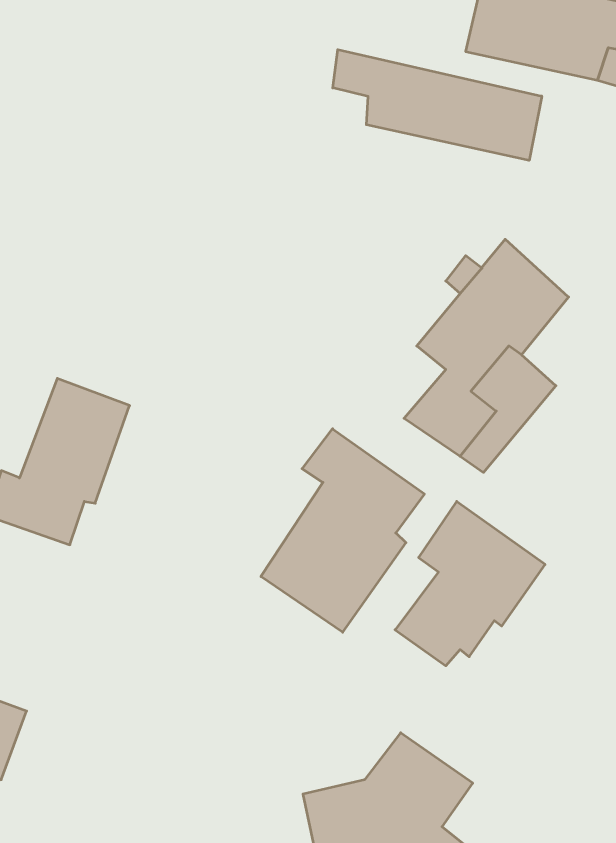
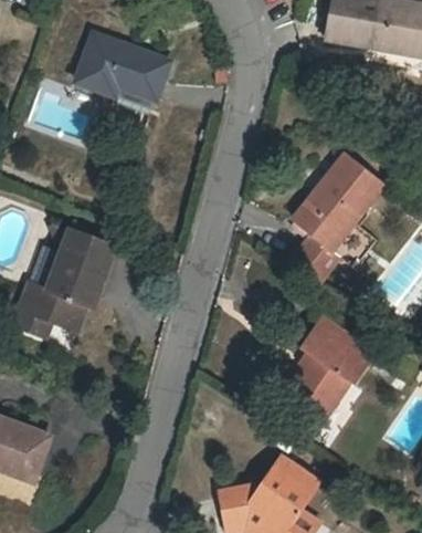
building: [333,50,542,160] -> none
building: none -> [76,36,167,107]
building: [261,429,424,632] -> none

